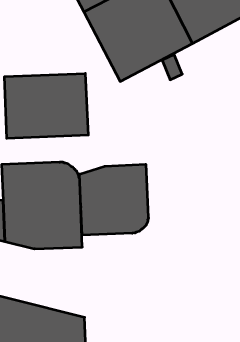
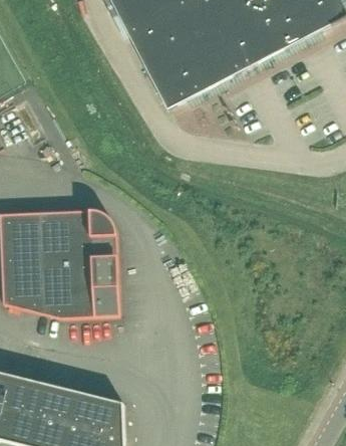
building: [5,73,88,138] -> none
building: [80,164,148,235] -> none

